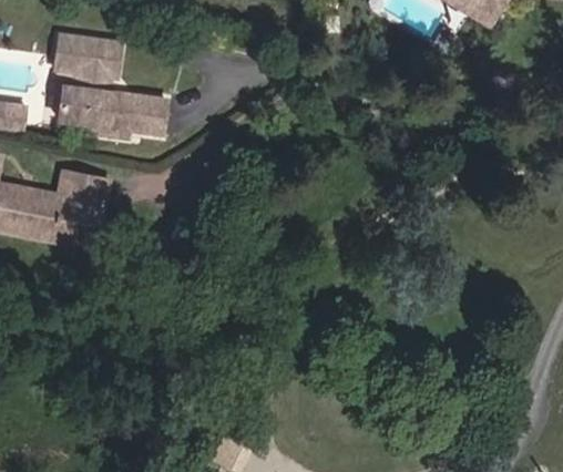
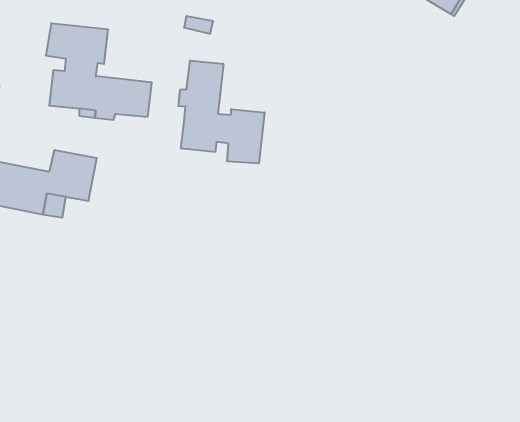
building: none -> [178,60,265,163]

